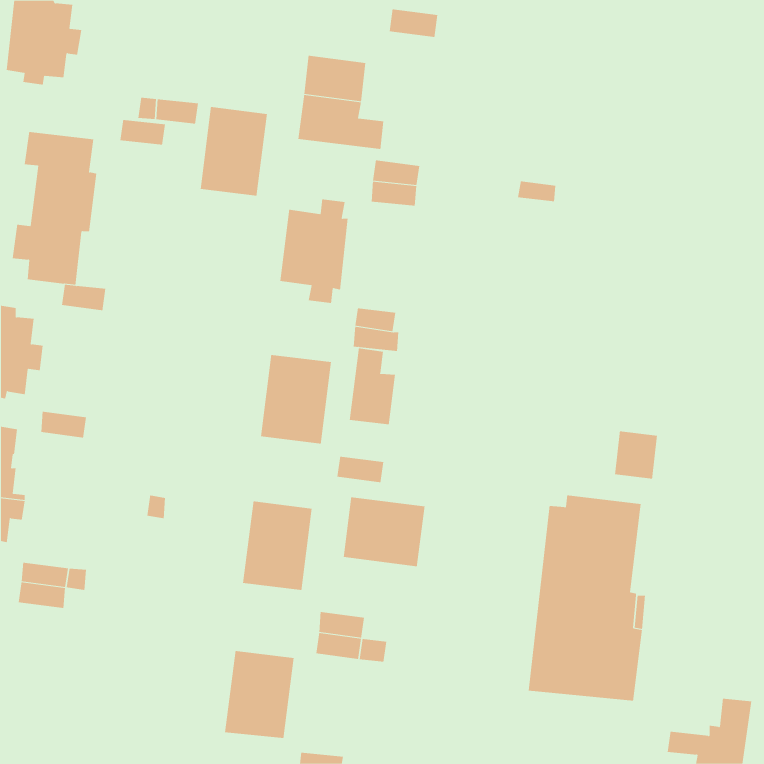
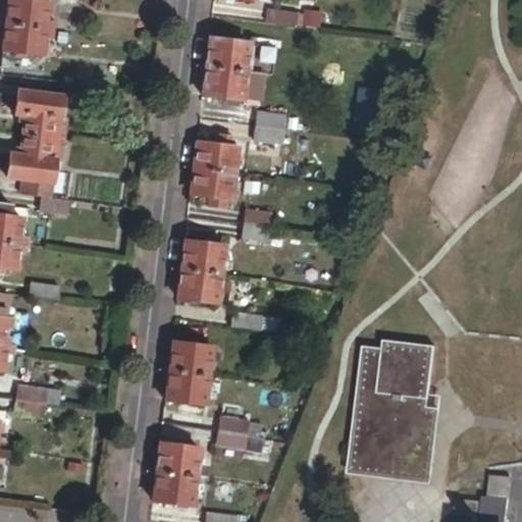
building: [200,106,267,197] -> none
building: [349,347,396,425] -> none
building: [615,431,657,480] -> none
building: [343,496,425,567] -> none

